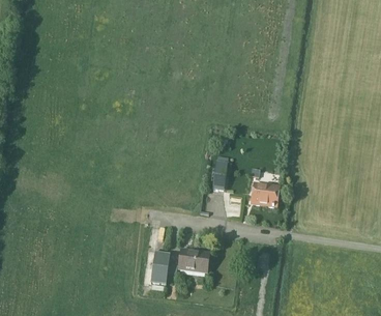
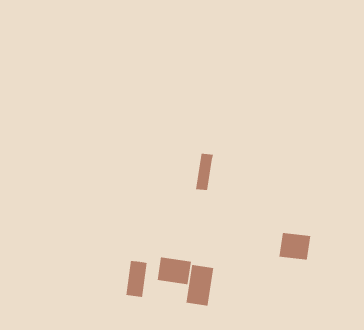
building: [251,181,280,206] -> [279,232,311,260]
building: none -> [186,264,214,306]

